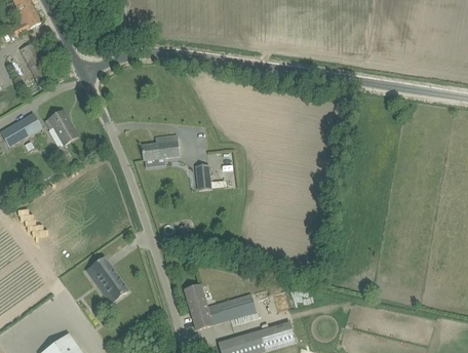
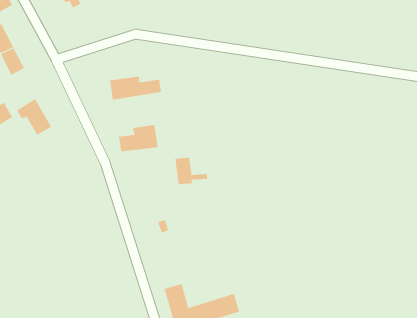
building: none -> [110,76,161,101]
building: [86,258,128,301] -> none

